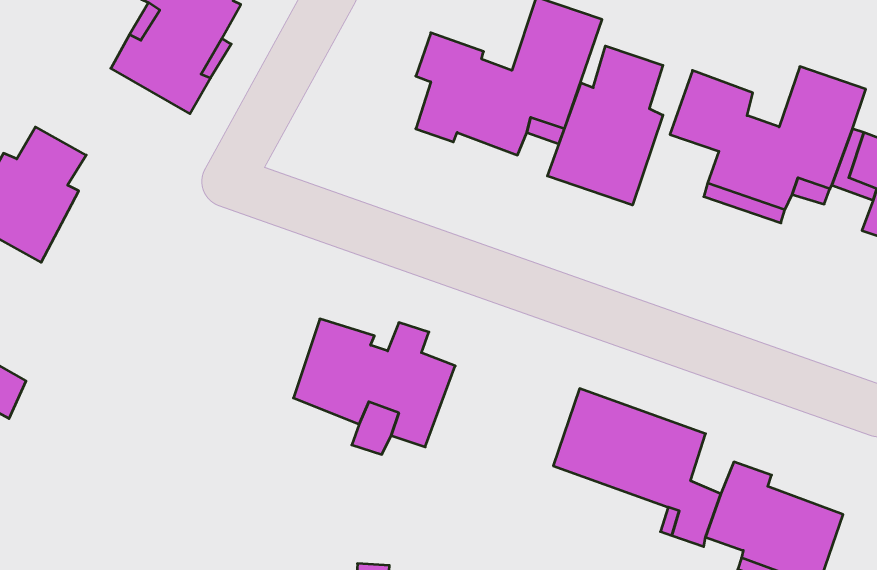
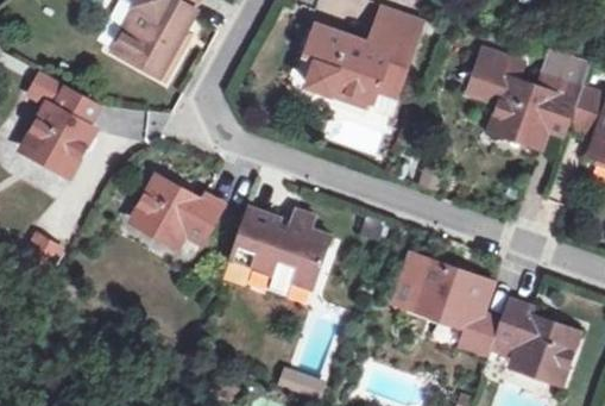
building: [547,46,663,205] -> none
building: none -> [132,175,225,244]

